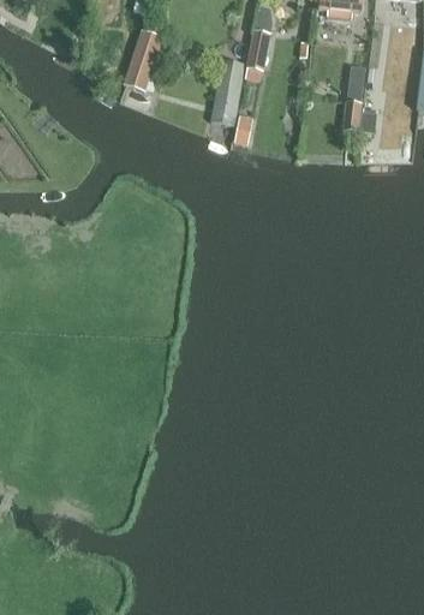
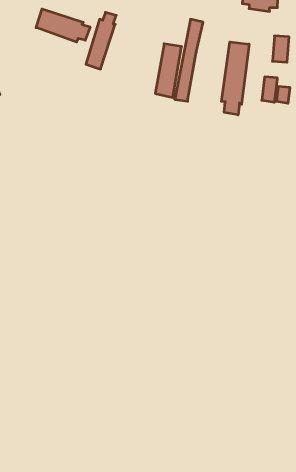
building: none -> [36,9,90,42]
building: none -> [221,42,249,115]

